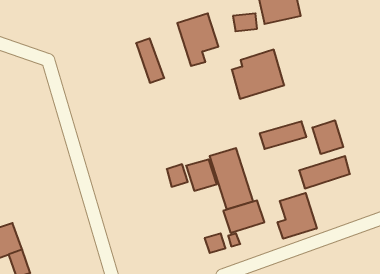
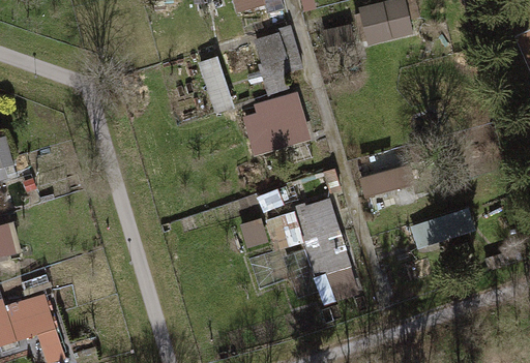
building: [232,50,284,99] -> [241,92,308,155]
building: [312,120,343,154] -> none
building: [278,193,317,239] -> none

